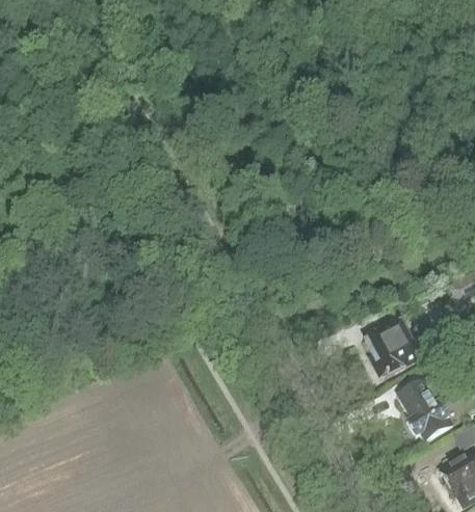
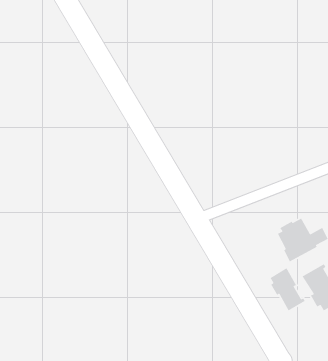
building: none -> [269,267,306,312]

